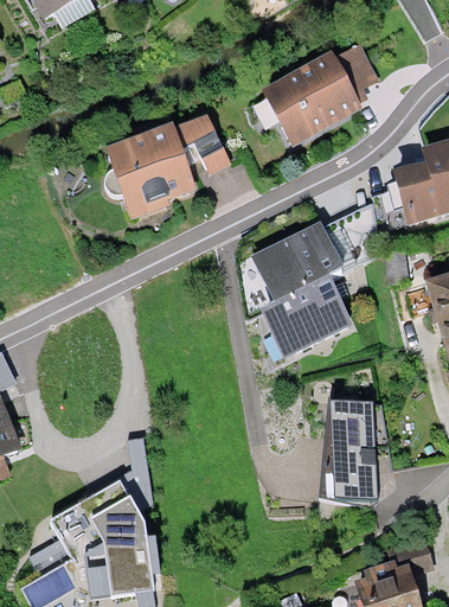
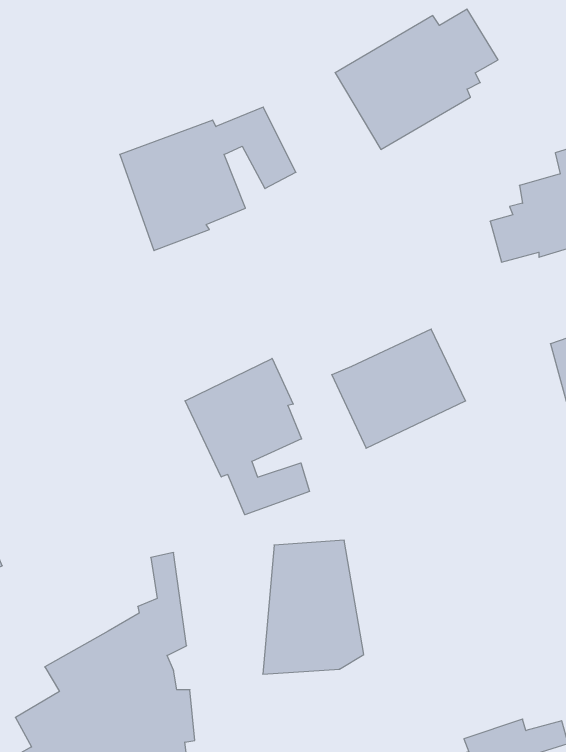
building: [251,203,378,302] -> none
building: none -> [185,358,310,515]
building: [321,404,395,501] -> [263,540,364,674]

